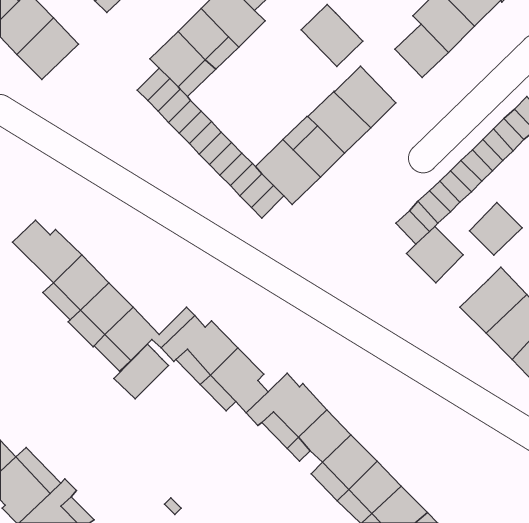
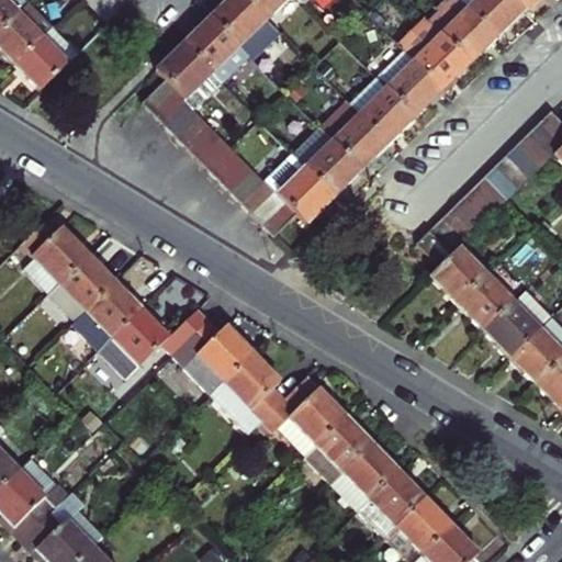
building: [301,5,363,66] -> [384,43,449,108]
building: [470,203,522,255] -> [463,267,518,322]
building: [114,344,169,399] -> none

